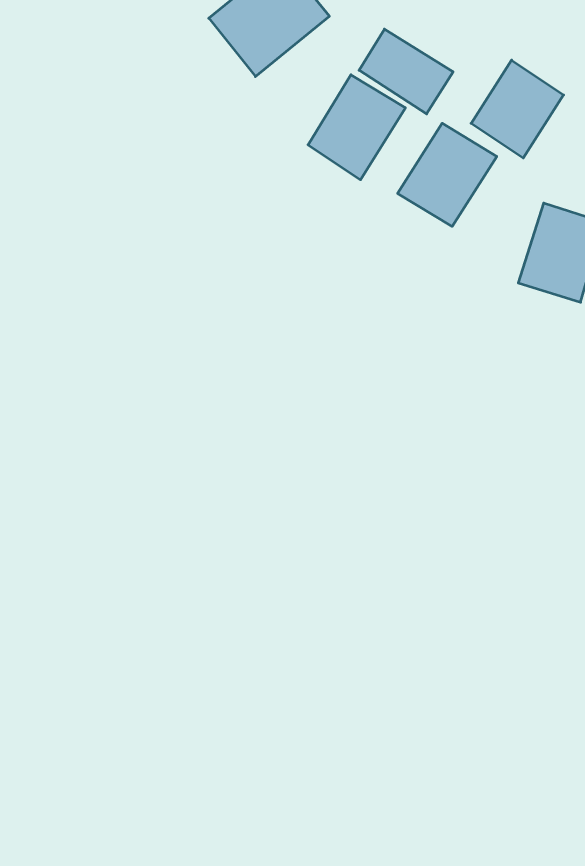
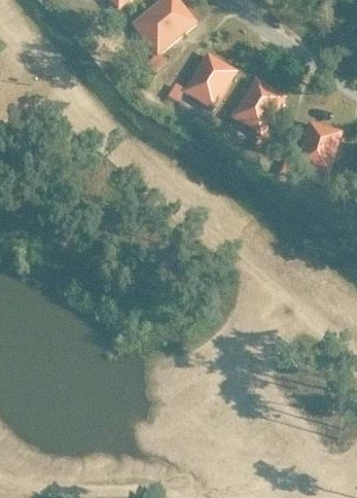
building: [359,29,453,114] -> none
building: [471,60,564,158] -> none

